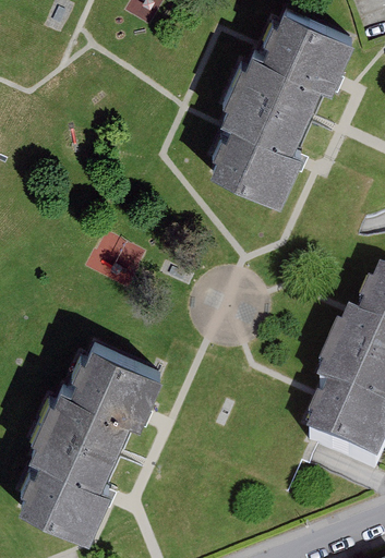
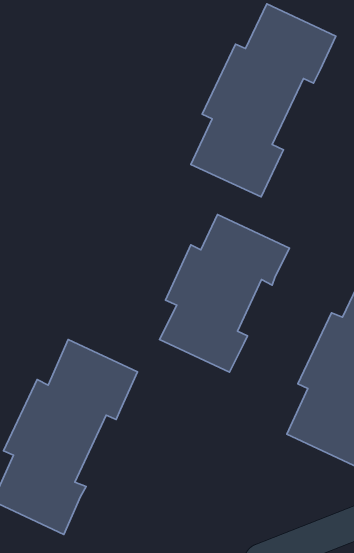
building: none -> [160,215,290,372]

